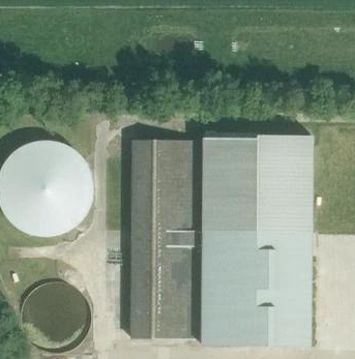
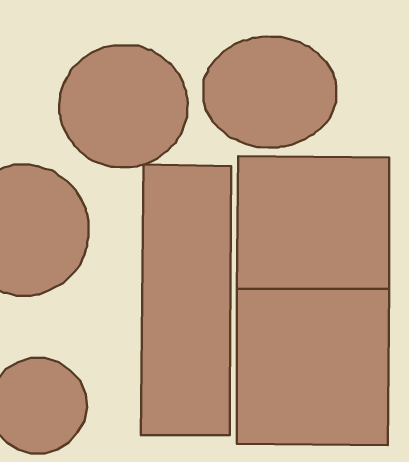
building: none -> [204,36,336,148]
building: none -> [59,45,188,167]

